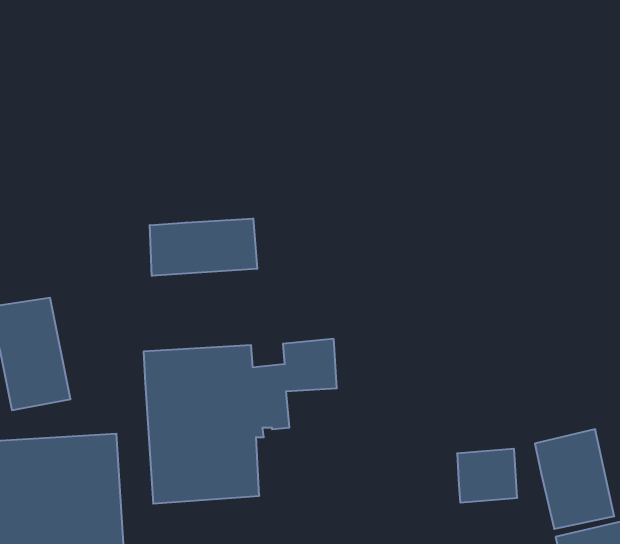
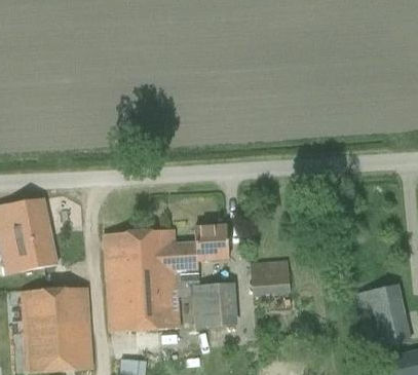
building: [150,218,257,276] -> none
building: none -> [192,282,237,326]
building: [457,449,517,503] -> [252,261,291,296]

